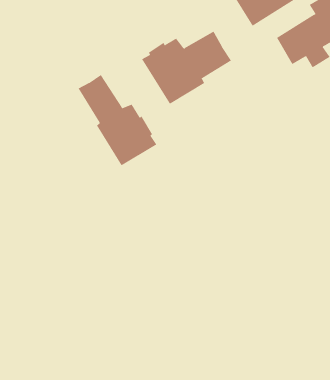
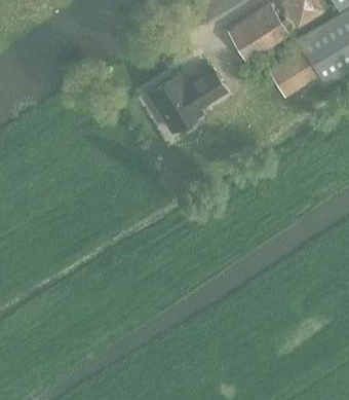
building: [78,74,157,166] -> none

